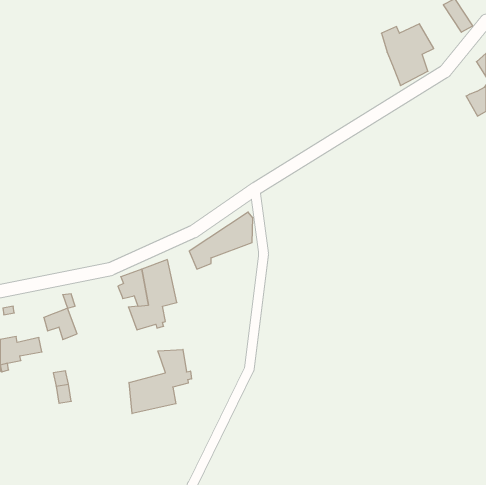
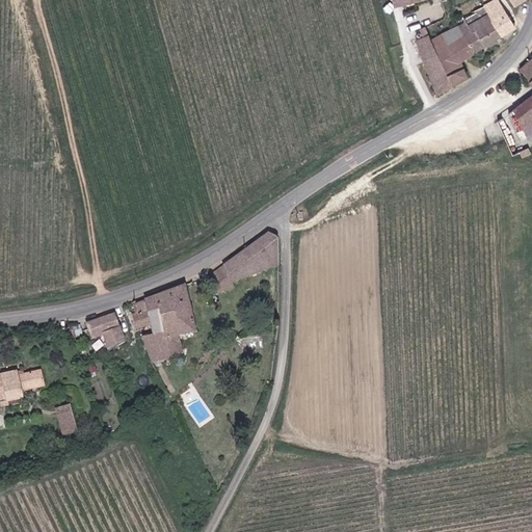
building: none -> [458,5,504,53]
building: [44,308,77,340] -> [87,312,124,346]
building: [129,349,192,414] -> none

